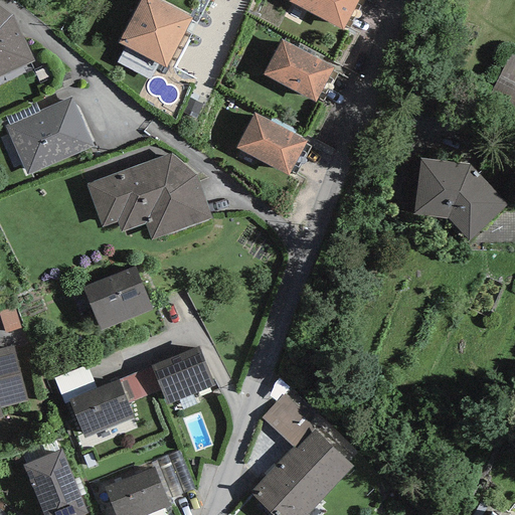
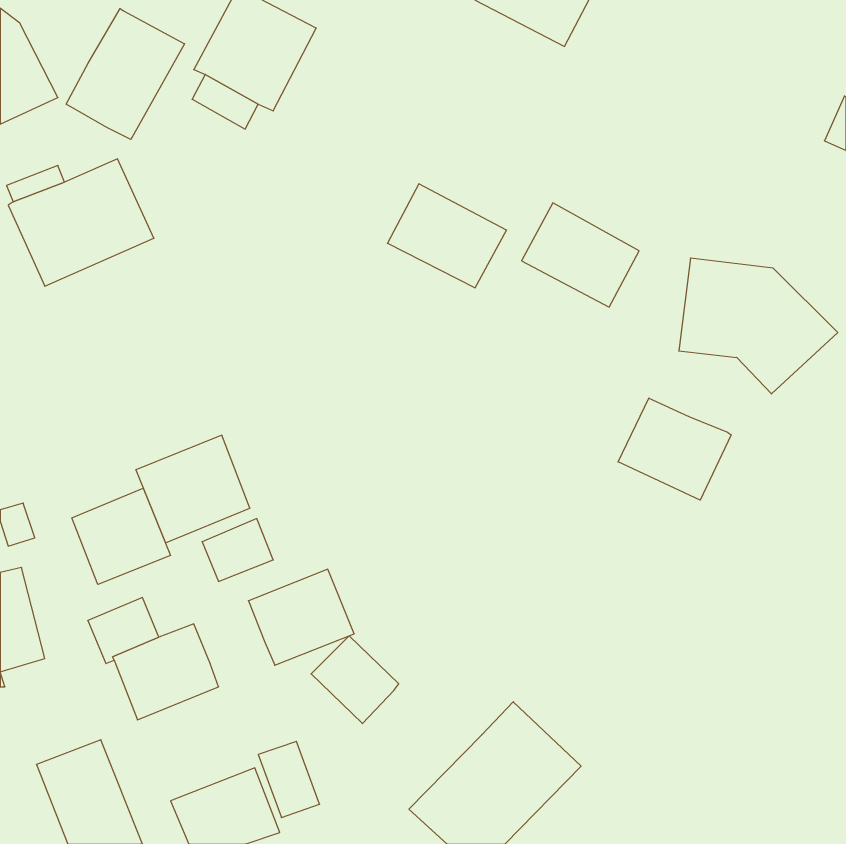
building: none -> [66,9,185,139]
building: [263,39,334,103] -> [522,203,639,307]
building: [87,152,211,239] -> none
building: none -> [618,398,731,500]
building: none -> [72,488,170,584]
building: [118,365,161,403] -> [202,519,273,581]
building: [262,393,315,447] -> [311,636,399,724]

